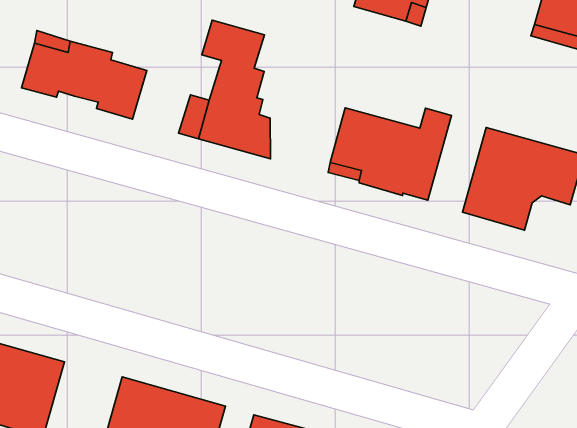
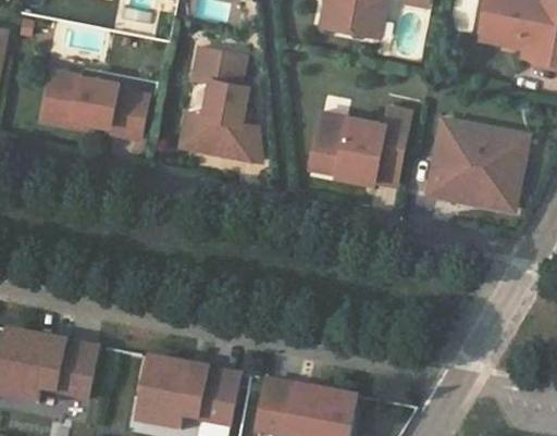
building: none -> [482,173,519,209]

